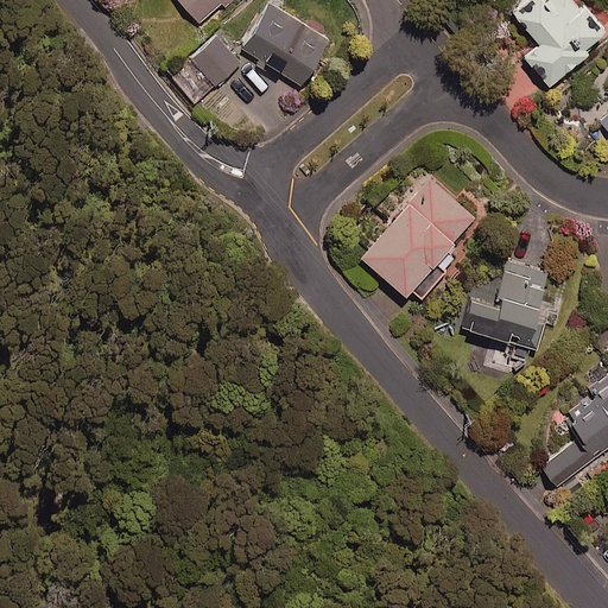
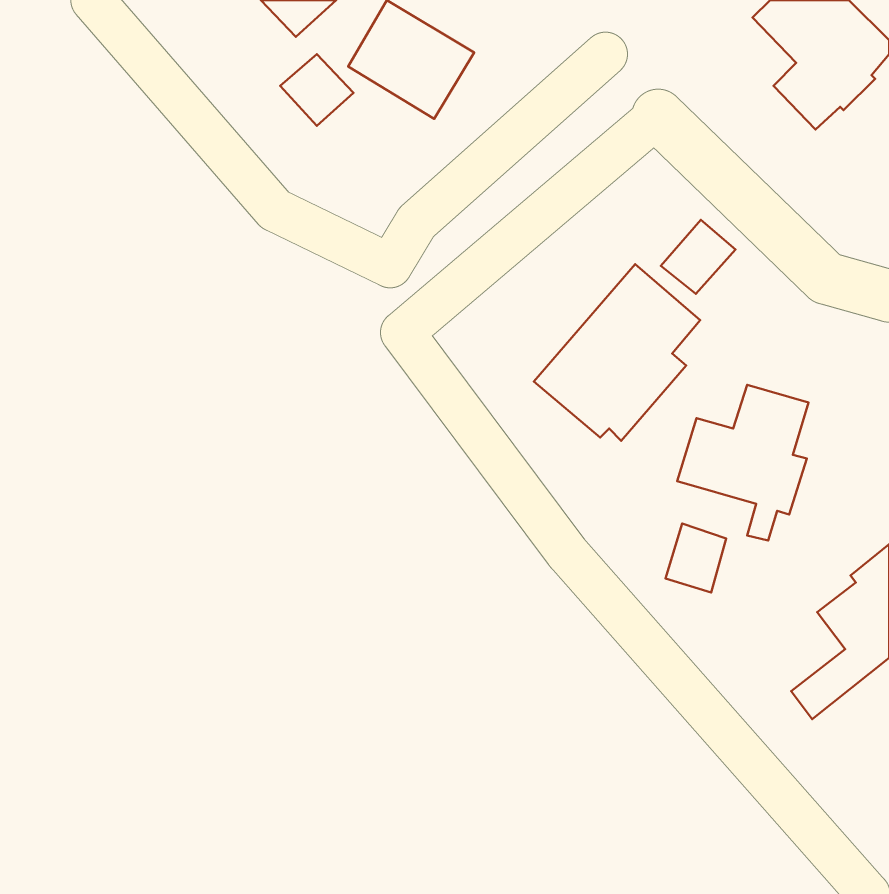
building: none -> [661,220,735,294]
building: none -> [665,523,726,592]

